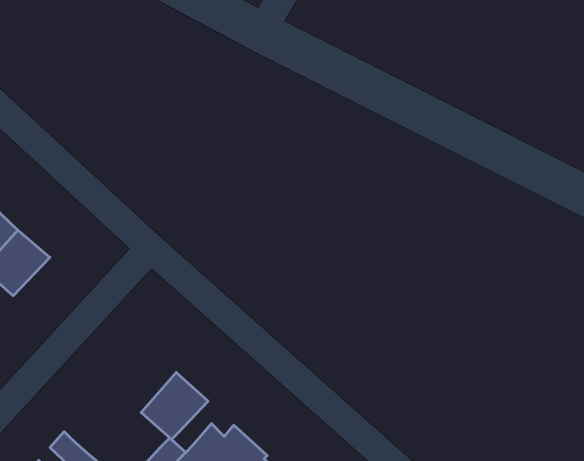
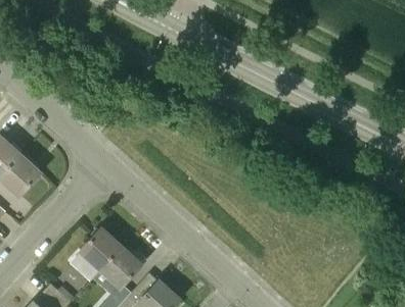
building: none -> [78,227,122,280]

